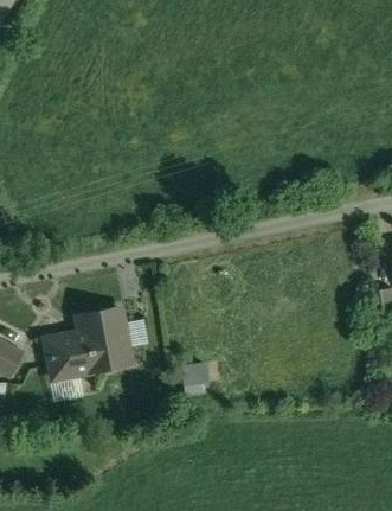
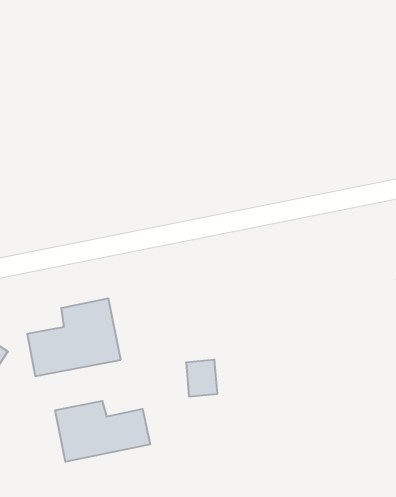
building: none -> [55,401,150,462]

